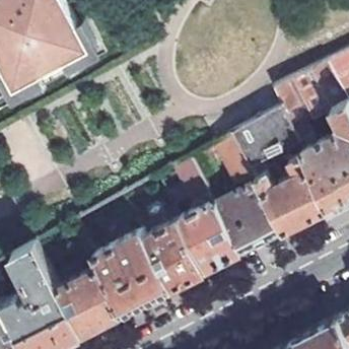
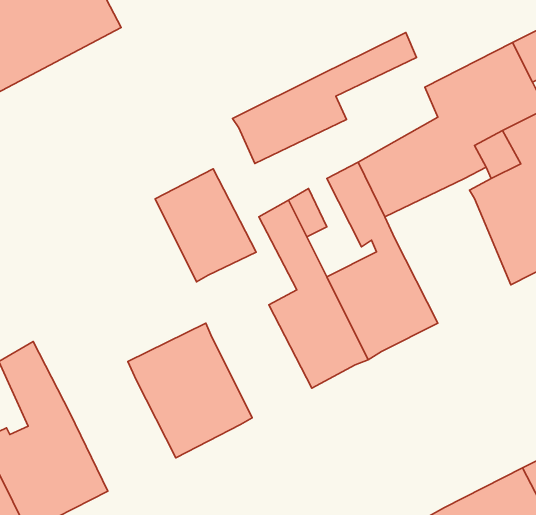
building: none -> [232,32,417,164]
building: [259,154,330,230] -> none
building: [146,219,208,288] -> [155,169,256,282]
building: [60,265,125,333] -> none

